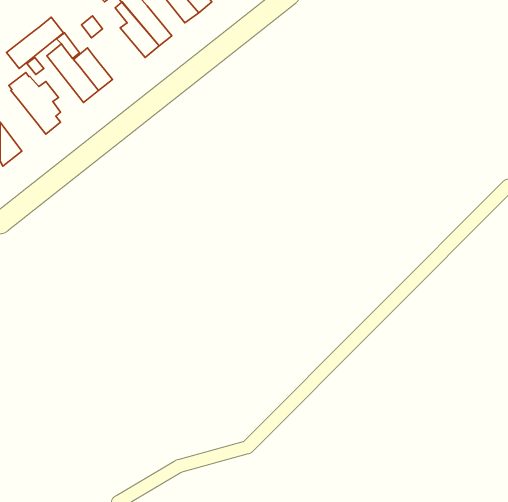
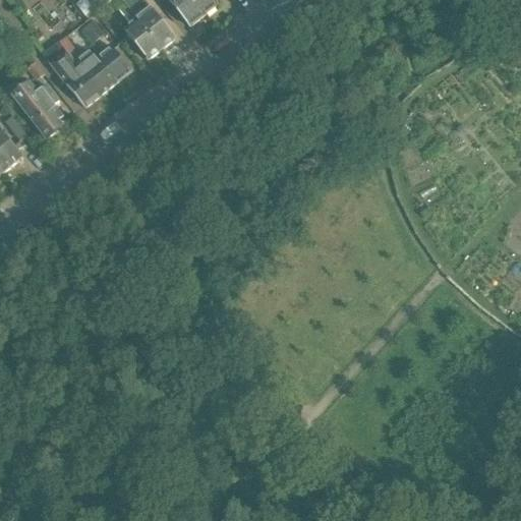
building: [7,17,64,68] -> none
building: none -> [96,44,132,81]

